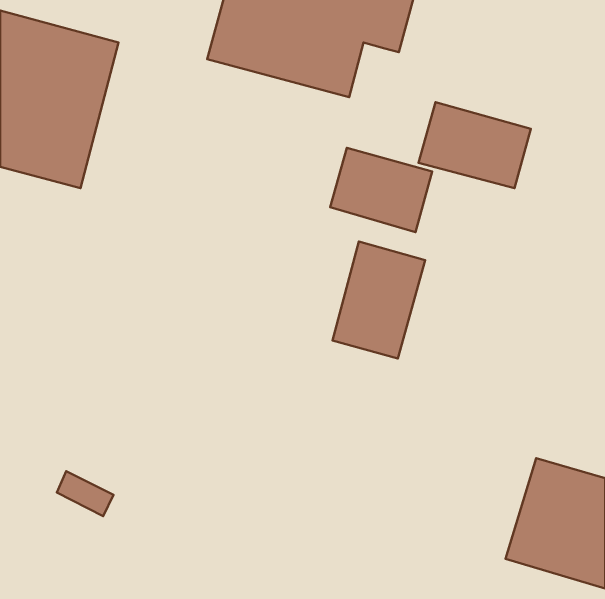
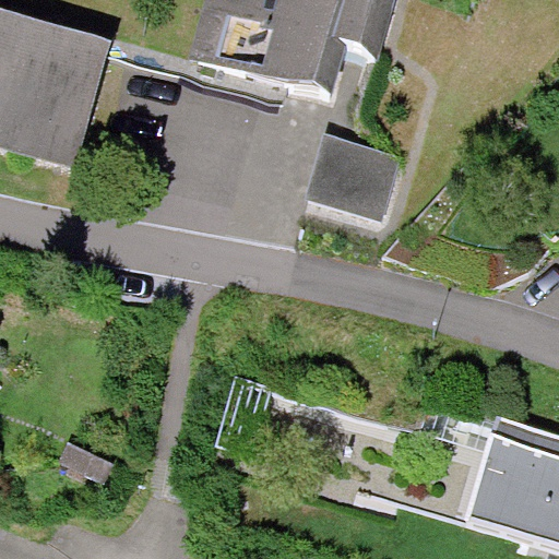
building: [419,102,531,188] -> none
building: [333,241,425,359] -> none

